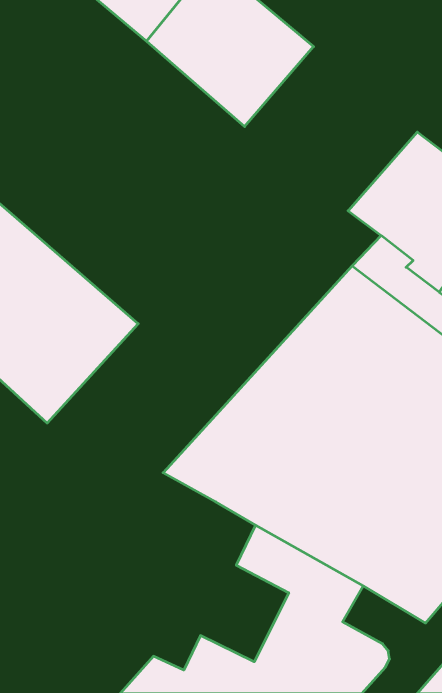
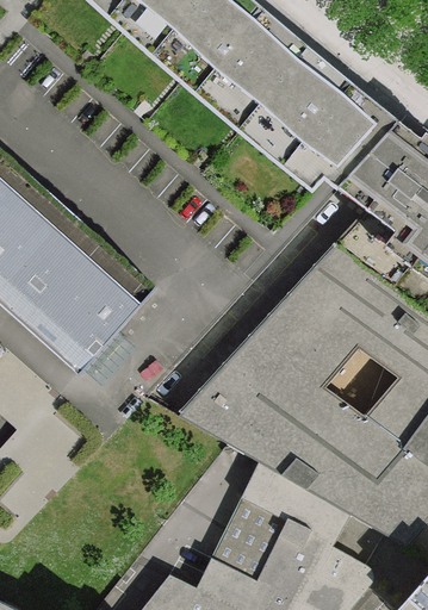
building: none -> [249,50,398,192]
building: none -> [211,498,287,581]

